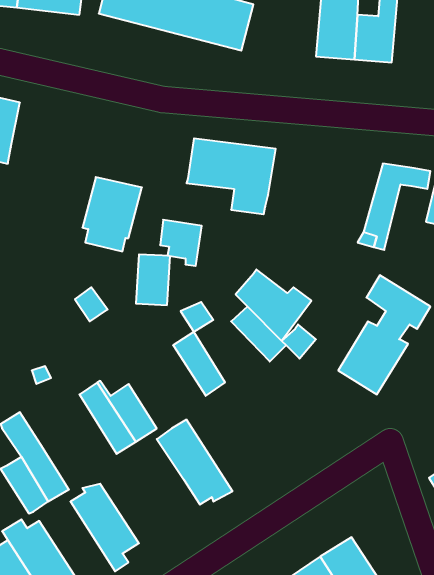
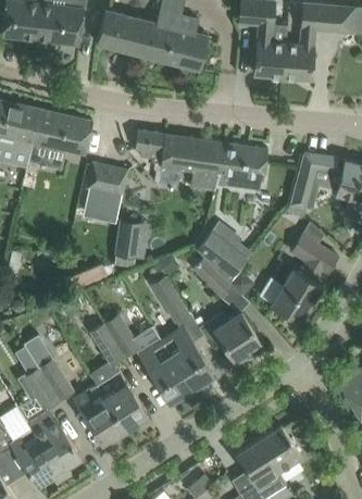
building: none -> [32,109,92,153]
building: none -> [217,142,267,190]
building: [160,220,202,266] -> [135,130,165,164]
building: none -> [209,312,264,361]
building: none -> [160,326,213,392]
building: none -> [97,372,151,431]

